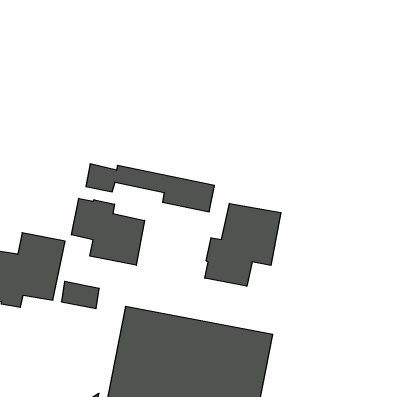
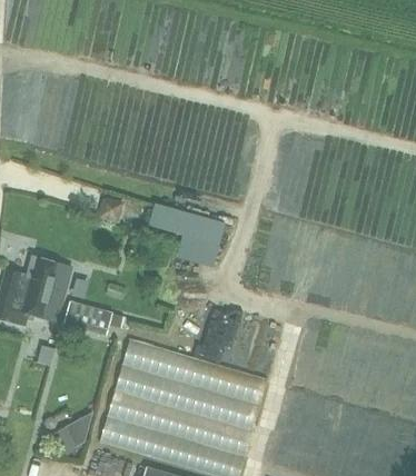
building: [72,198,145,265] -> none
building: [205,203,281,286] -> none

